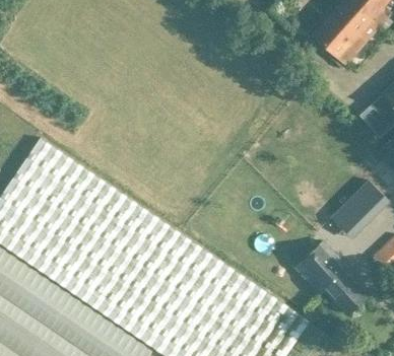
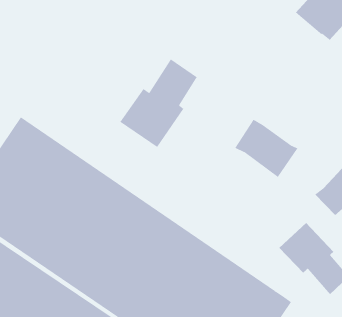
building: none -> [119,58,197,148]
building: none -> [234,119,298,178]

